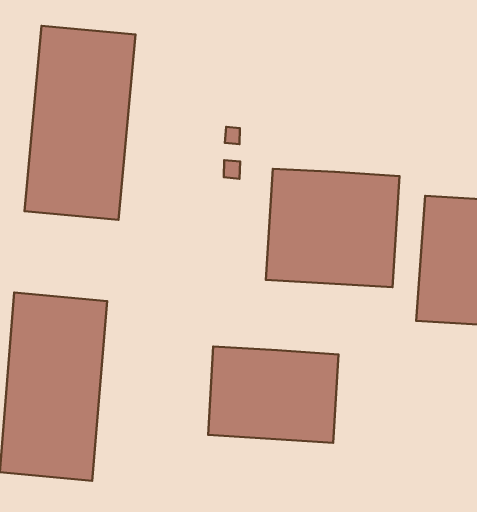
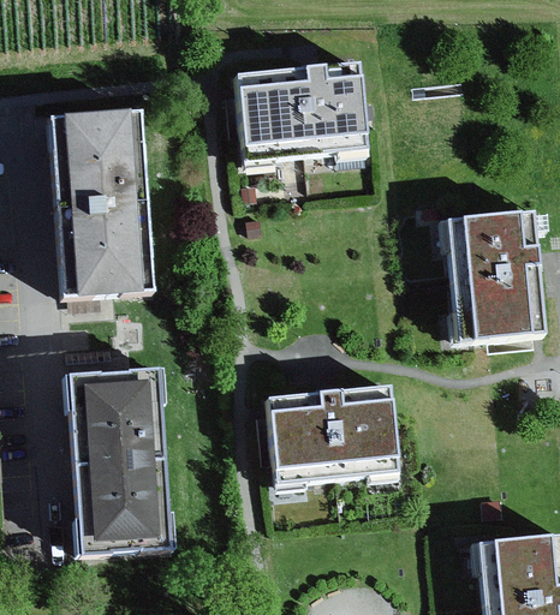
building: none -> [234,60,364,157]
building: [266,169,399,287] -> none

